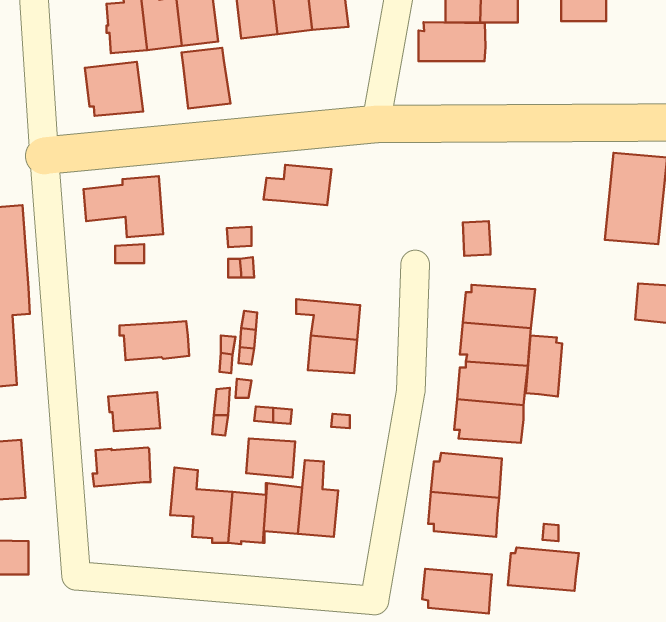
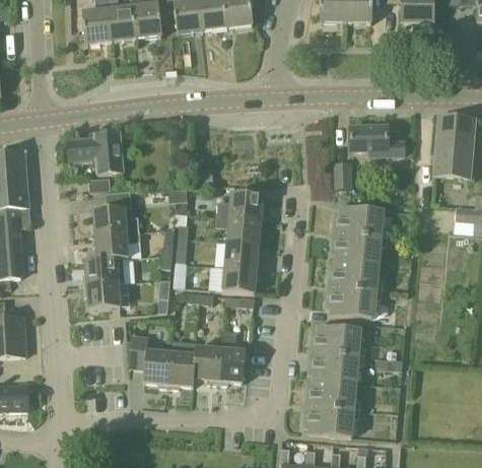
building: [418,22,486,61] -> none
building: [182,48,230,108] -> none
building: [85,62,143,116] -> none
building: [263,165,332,205] -> [216,192,264,220]
building: none -> [350,126,404,155]
building: none -> [91,191,139,235]
building: [526,335,562,396] -> none
building: [246,439,295,478] -> [222,266,257,293]
building: [93,447,151,487] -> [83,257,124,284]
building: [508,547,579,591] -> [306,379,356,409]

